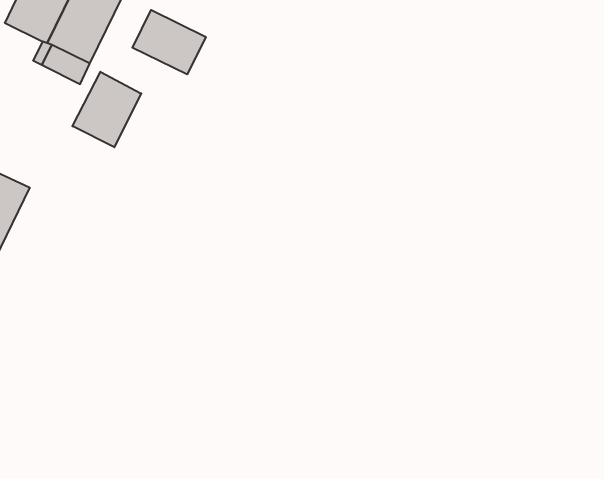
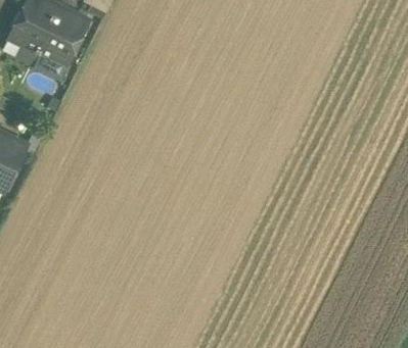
building: [132,10,206,74] -> none
building: [72,72,141,147] -> none

